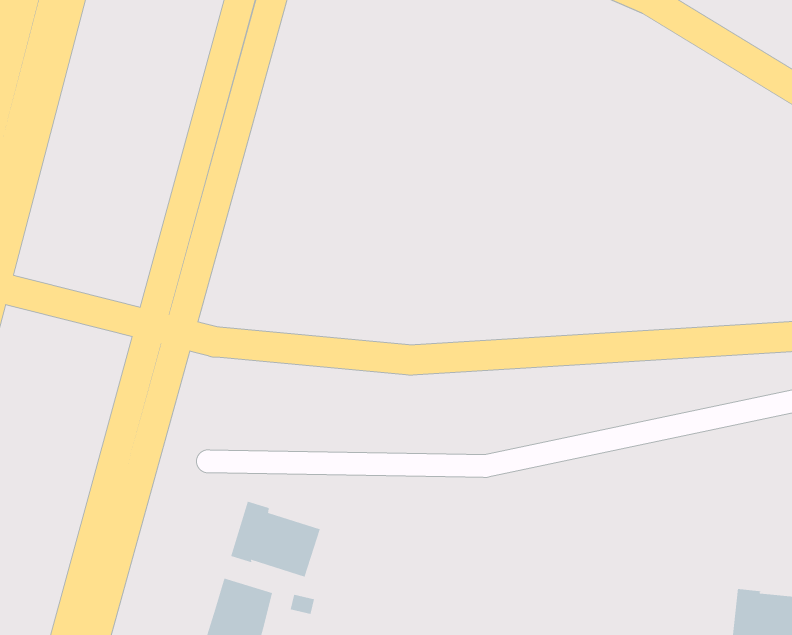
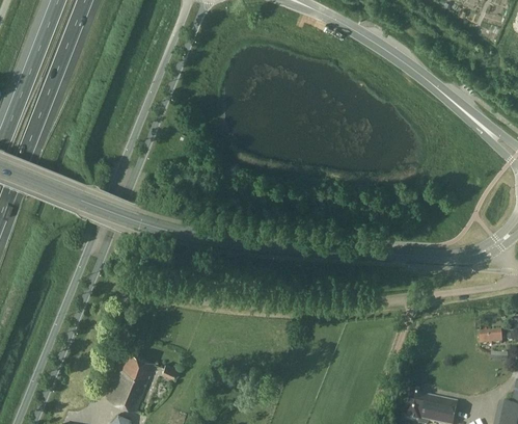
building: [230,501,320,578] -> none

